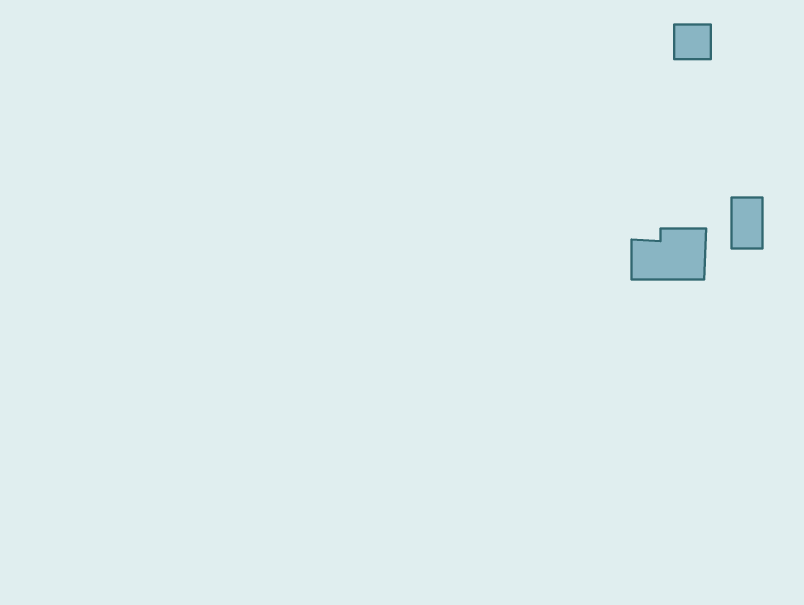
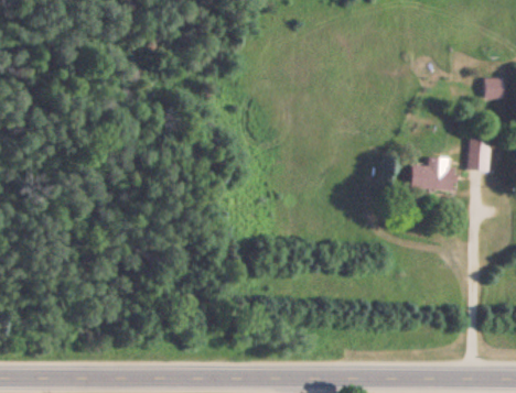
building: [674,25,711,59] -> [482,78,504,99]

